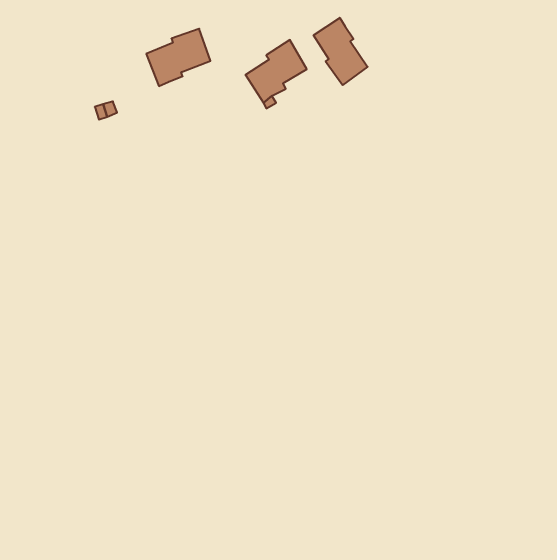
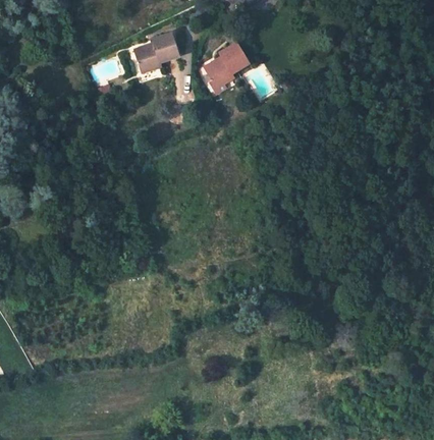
building: [314,18,368,85] -> none

